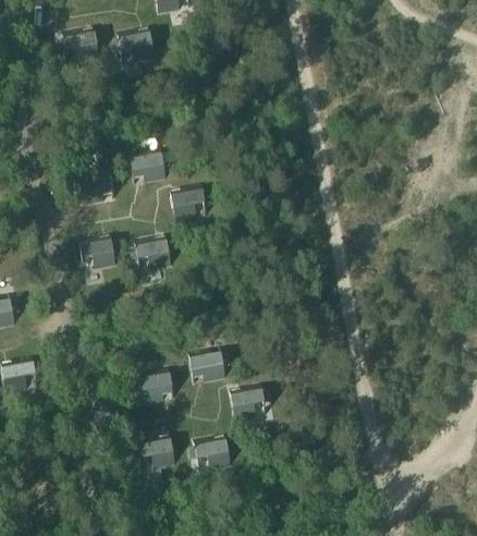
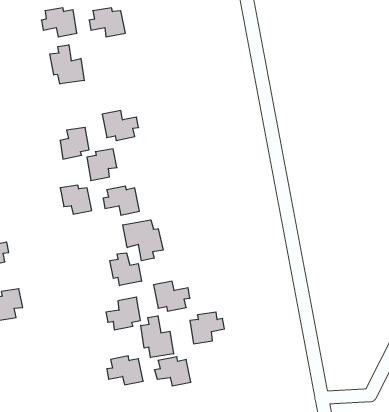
building: none -> [50,45,84,84]
building: [170,184,205,221] -> [87,149,117,181]
building: none -> [123,220,163,261]
building: none -> [110,253,142,286]
building: none -> [141,316,174,358]

